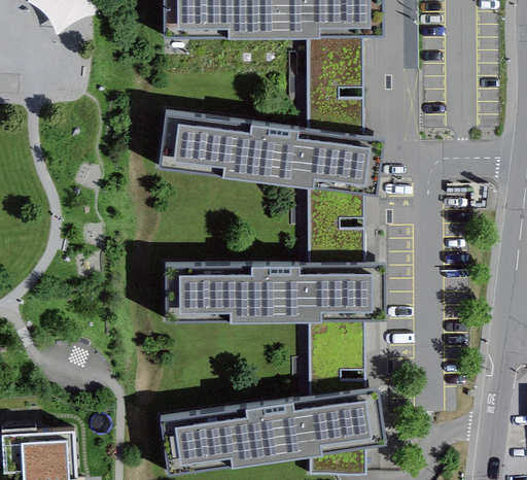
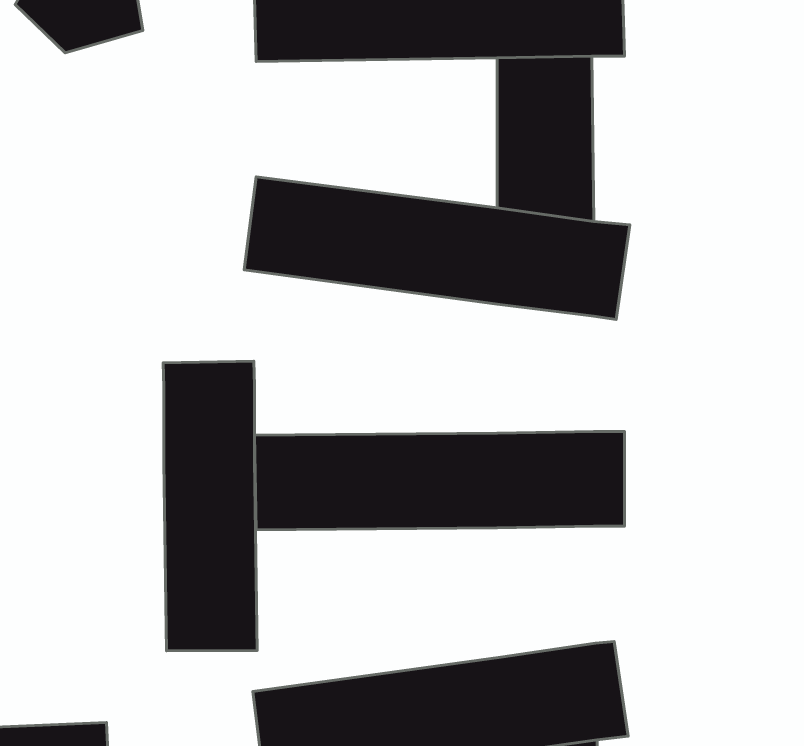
building: [307,183,364,261] -> none
building: none -> [163,361,257,651]
building: [307,316,365,395] -> none

